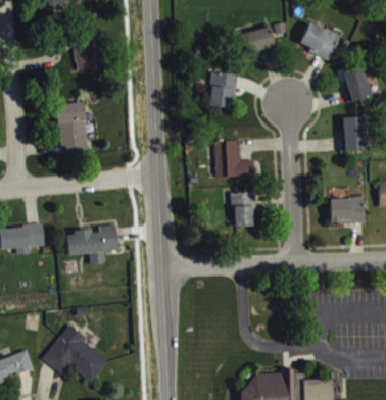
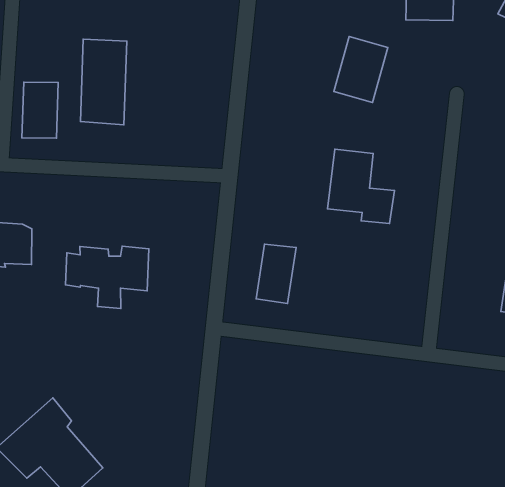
building: none -> [22,82,58,138]
building: [236,196,255,231] -> [256,244,296,304]

